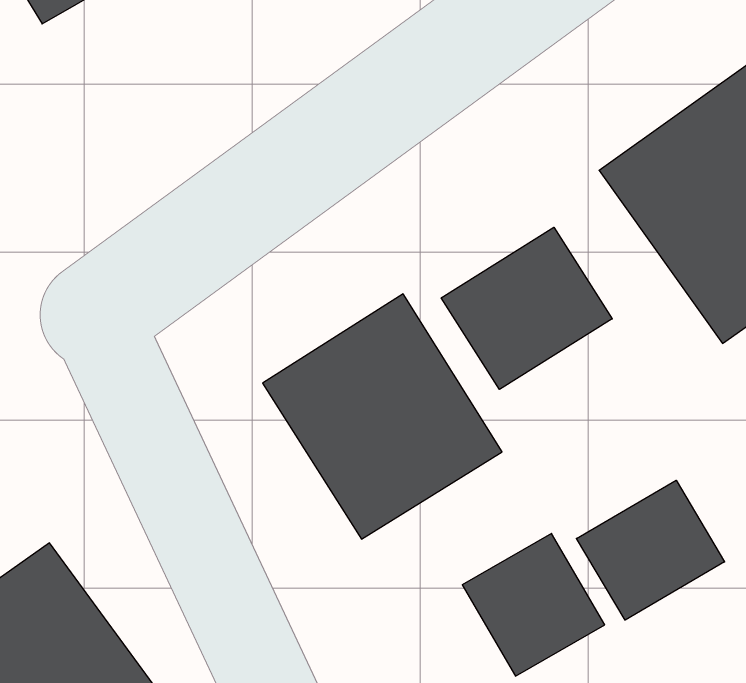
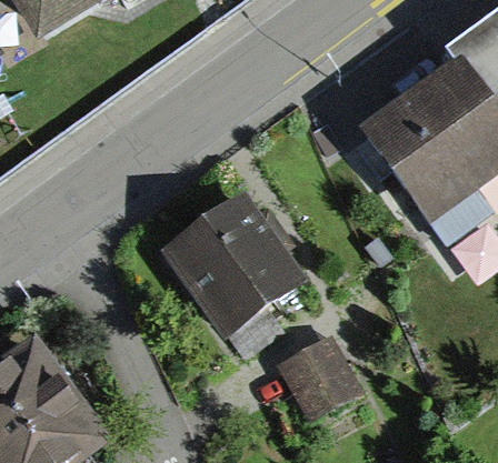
building: [441,227,612,389] -> none
building: [576,480,725,620] -> none

